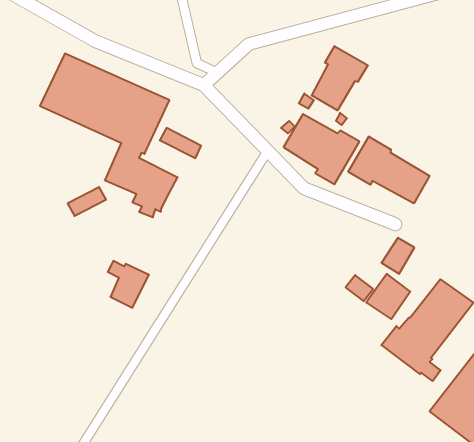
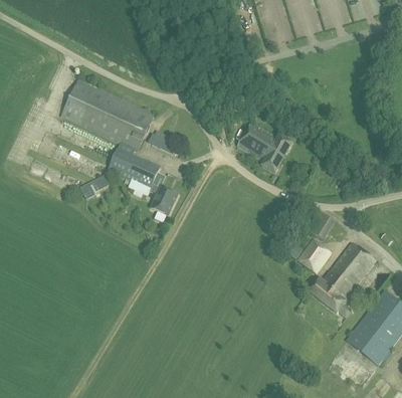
building: [312,46,368,110] -> none
building: [348,136,430,203] -> none
building: [108,261,149,308] -> [148,183,178,217]

